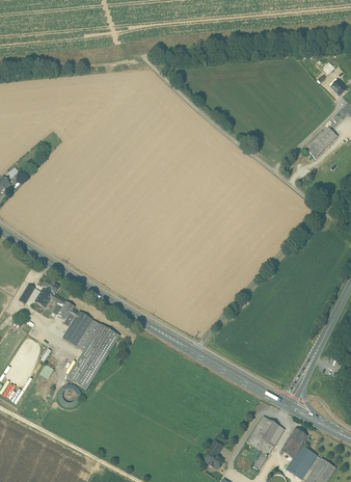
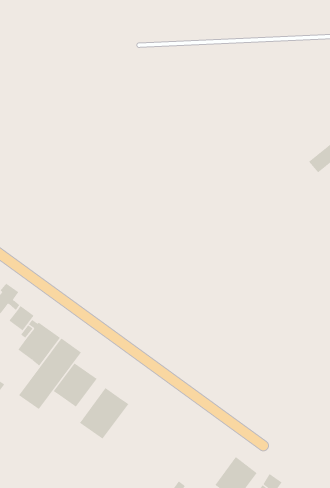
building: none -> [53,362,97,407]
building: none -> [79,387,129,439]

